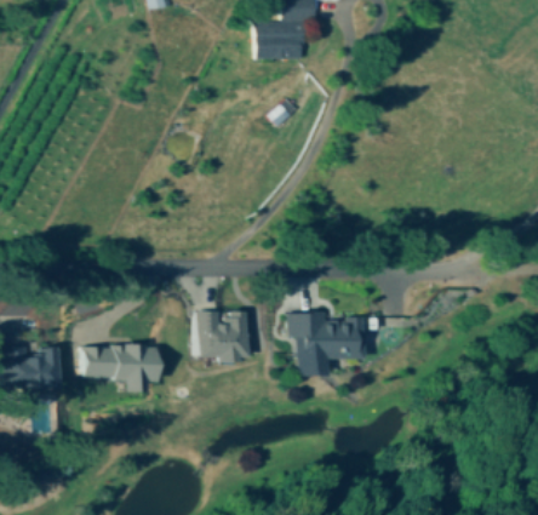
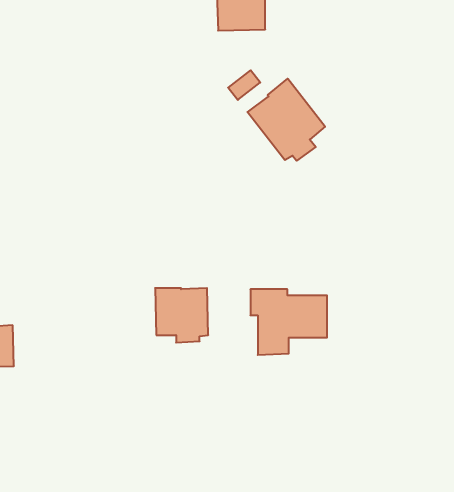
building: none -> [247,79,325,161]
building: [81,343,159,391] -> none

